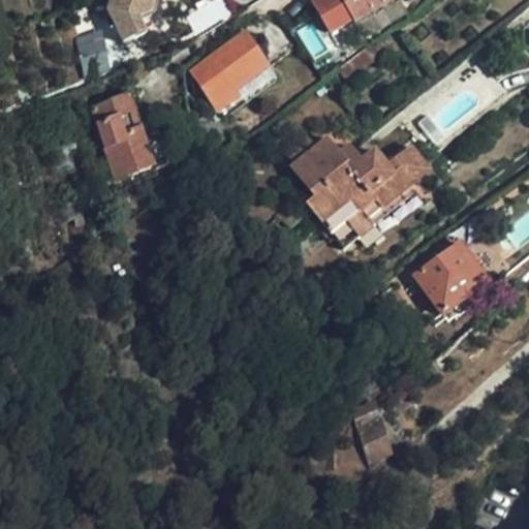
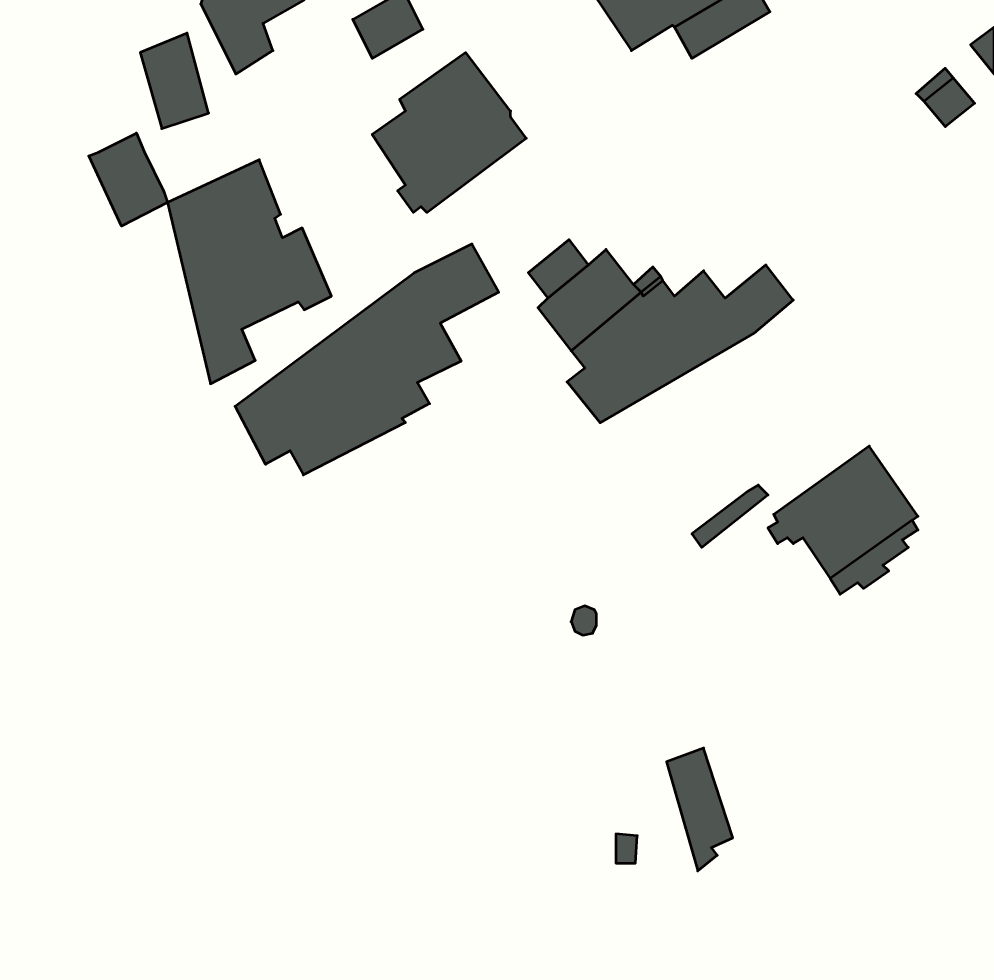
building: none -> [89,133,168,226]
building: none -> [235,244,499,475]
building: [318,159,426,248] -> none

